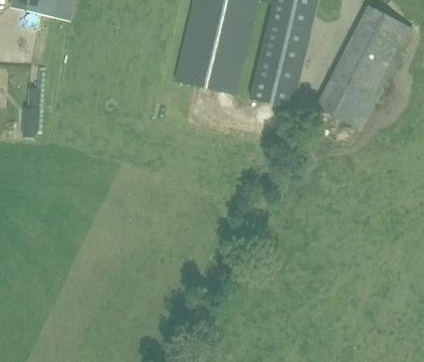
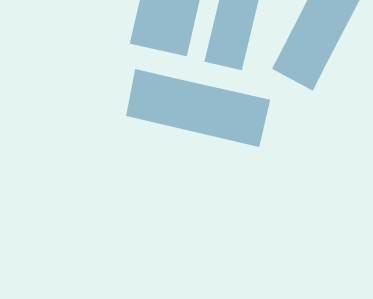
building: none -> [125,68,271,148]

